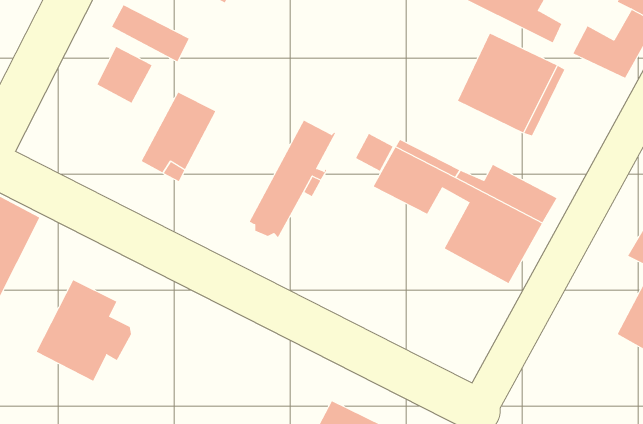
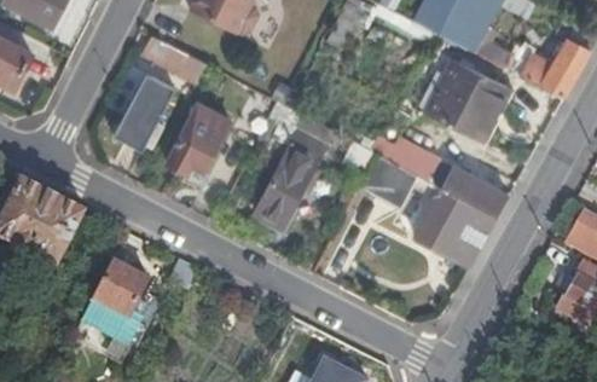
building: none -> [112,100,163,150]

